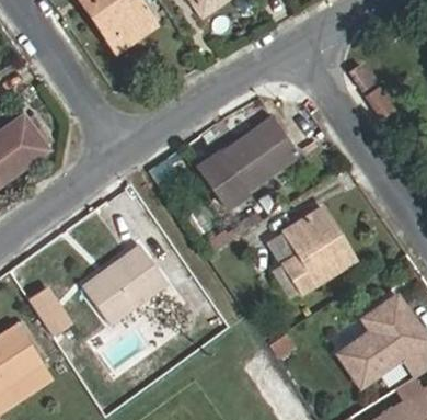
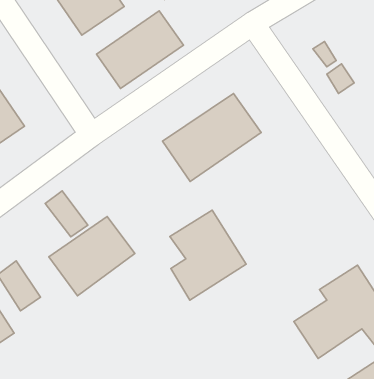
building: none -> [96,11,183,88]
building: [278,204,357,297] -> [170,210,246,300]
building: none -> [45,191,88,237]

